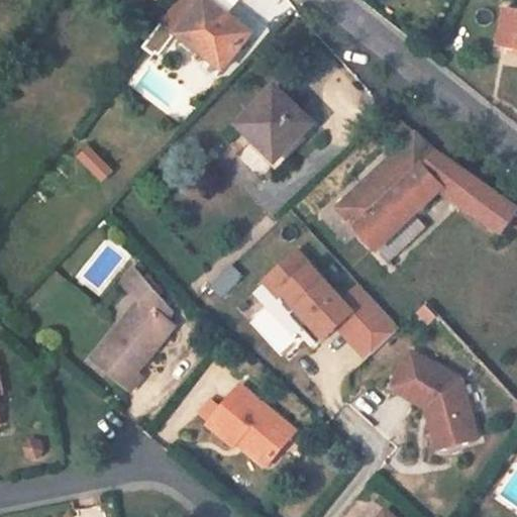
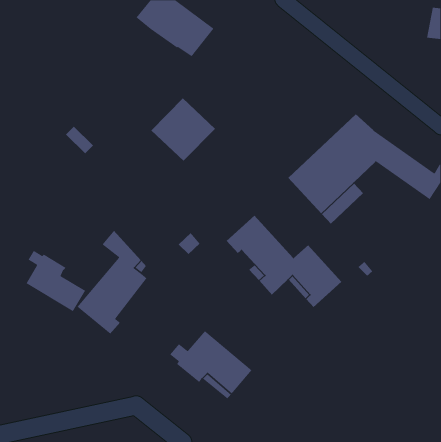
building: [236,86,312,161] -> [151,98,216,162]
building: none -> [26,250,86,312]
building: [391,353,478,450] -> none

